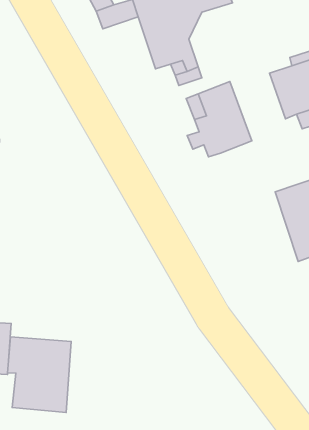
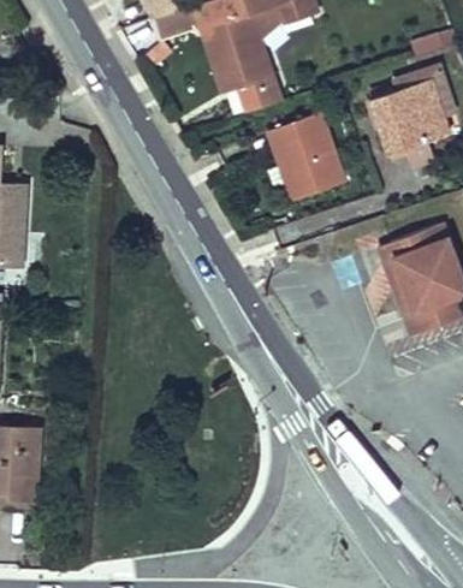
building: [7,337,71,413] -> none

